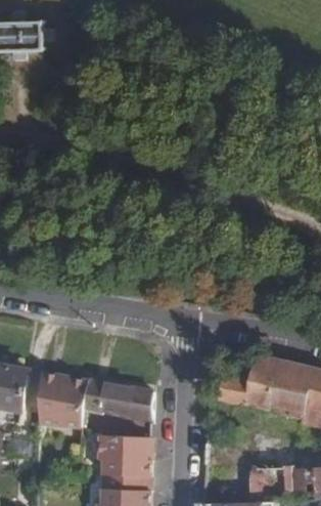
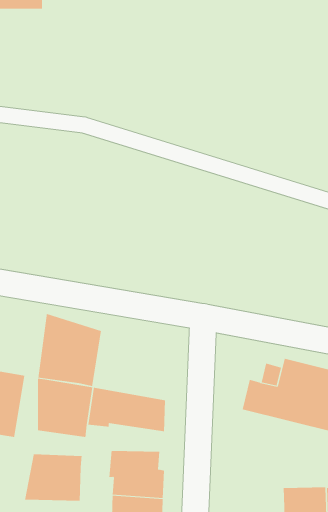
building: none -> [38,313,101,387]
building: none -> [24,454,82,501]

